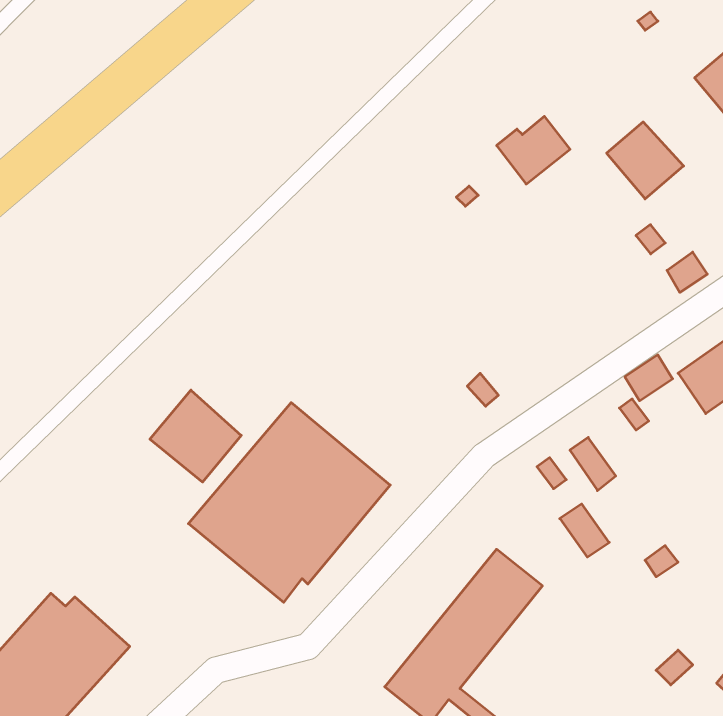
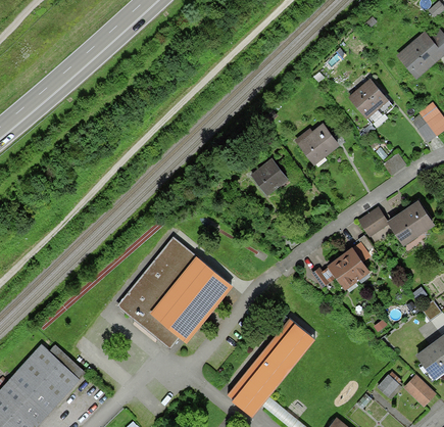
building: [497,116,570,184] -> [297,125,338,162]
building: none -> [252,159,287,194]
building: [150,390,241,482] -> none
building: [560,504,609,557] -> [340,248,367,278]

